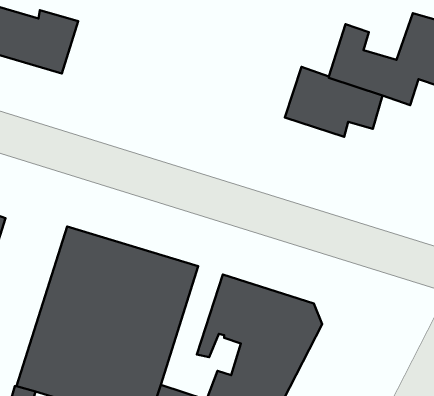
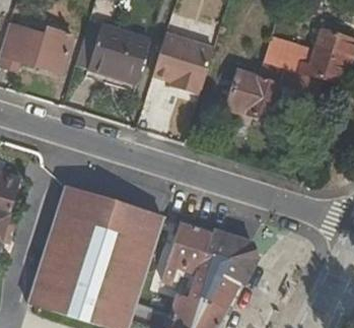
building: none -> [89,24,150,82]
building: none -> [153,31,214,92]

